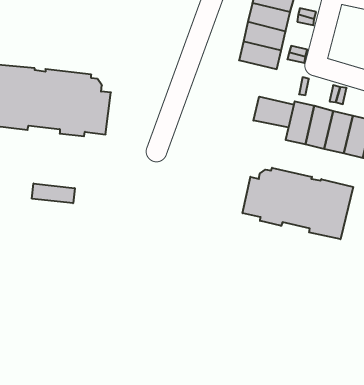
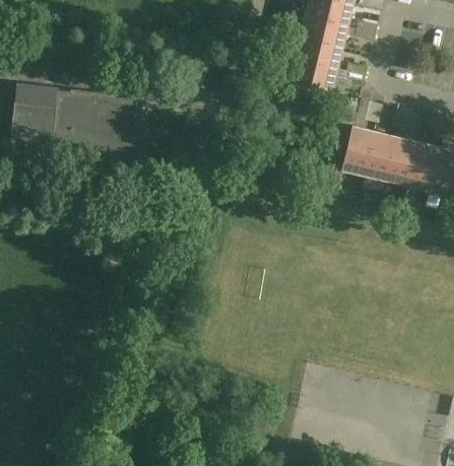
building: [253,97,294,128] -> none
building: [243,168,353,239] -> none
building: [32,183,75,203] -> none

